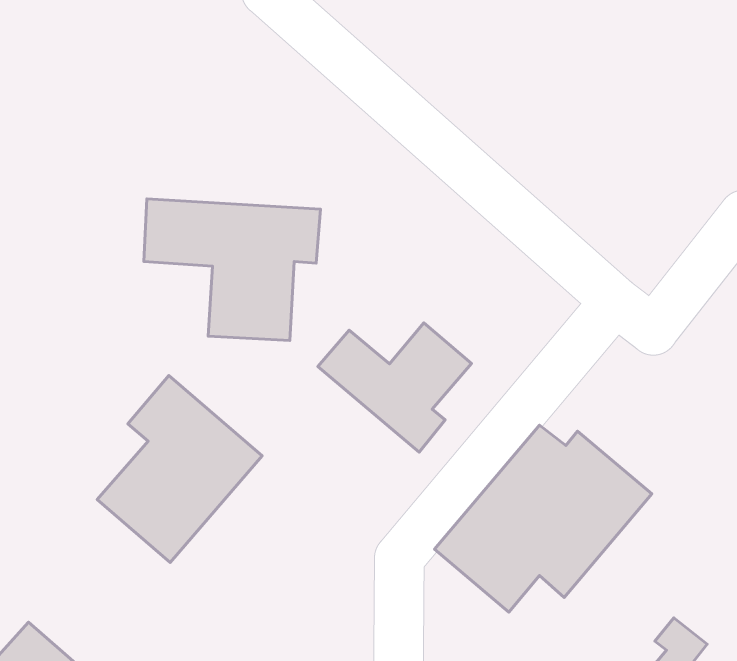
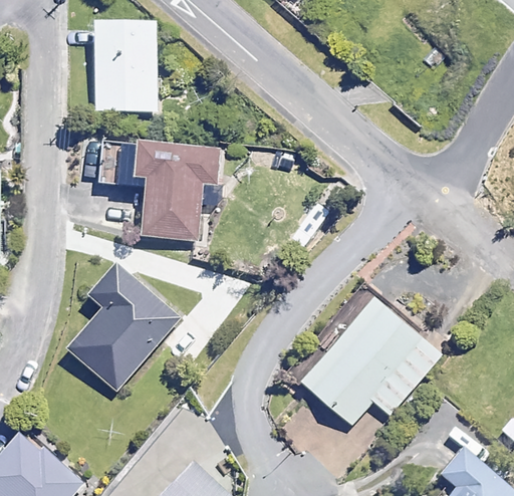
building: none -> [95,21,158,111]
building: [318,323,471,452] -> none

